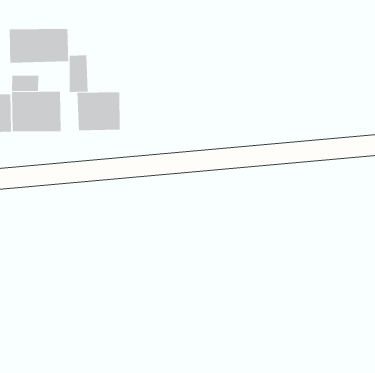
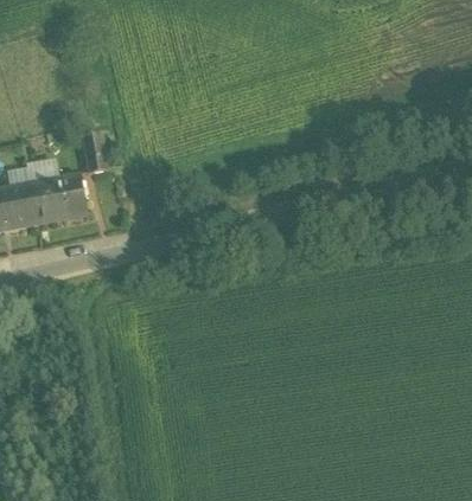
building: [9,28,69,64] -> none
building: [76,92,120,131] -> none

